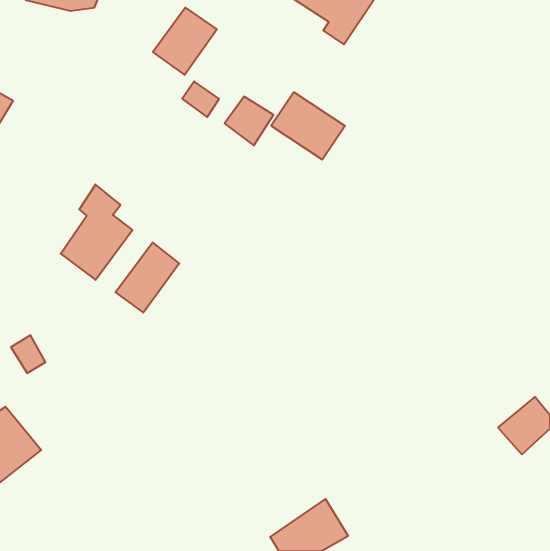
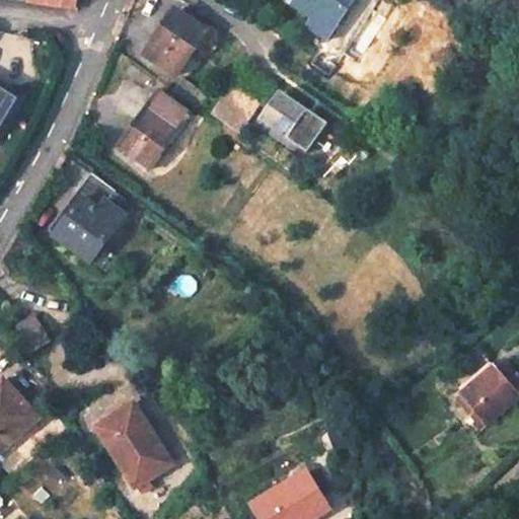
building: none -> [119,92,189,169]
building: [116,243,179,313] -> none
building: none -> [99,405,169,484]

